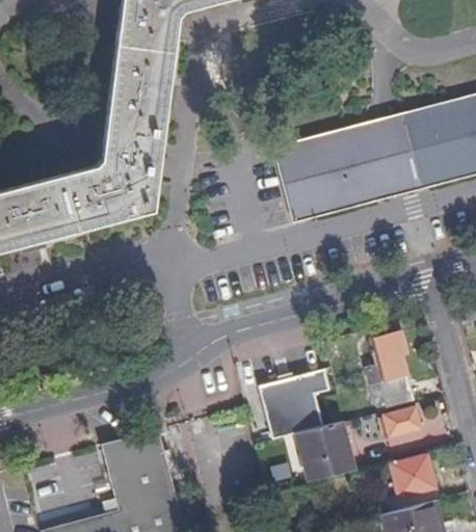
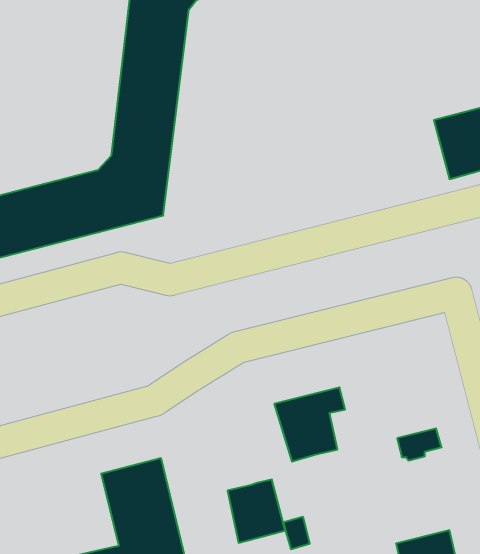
building: [290,119,426,207] -> none
building: [367,331,412,408] -> none
building: [299,423,353,482] -> [228,480,285,543]
building: [388,454,434,498] -> none

